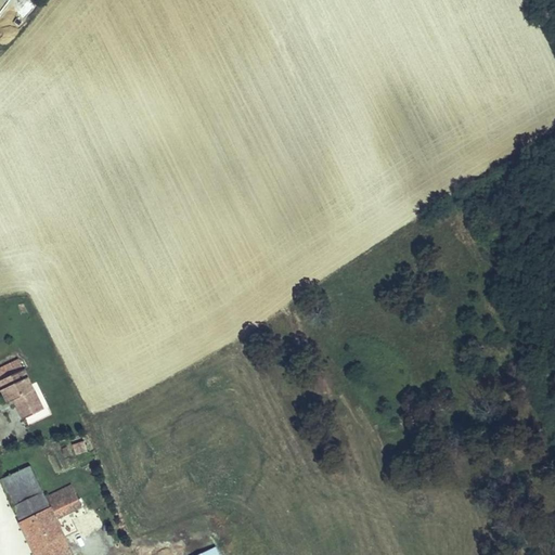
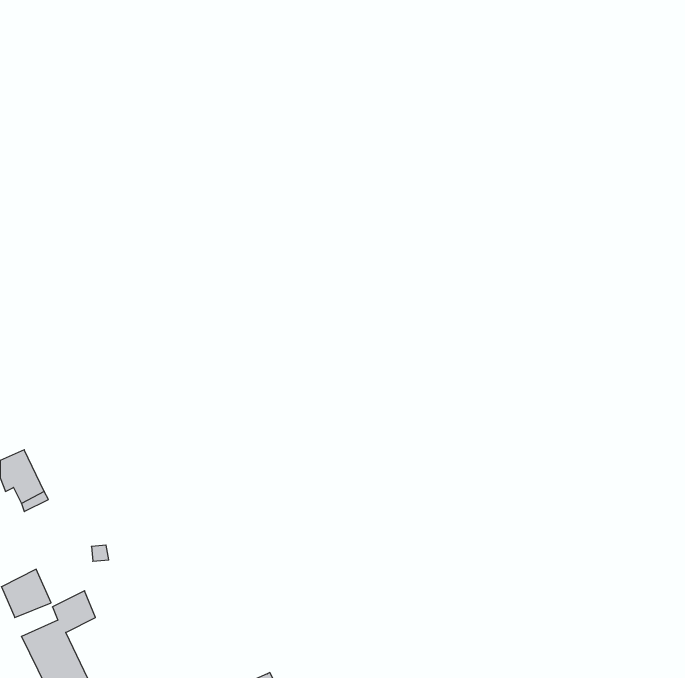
building: [13,493,48,520] -> none

